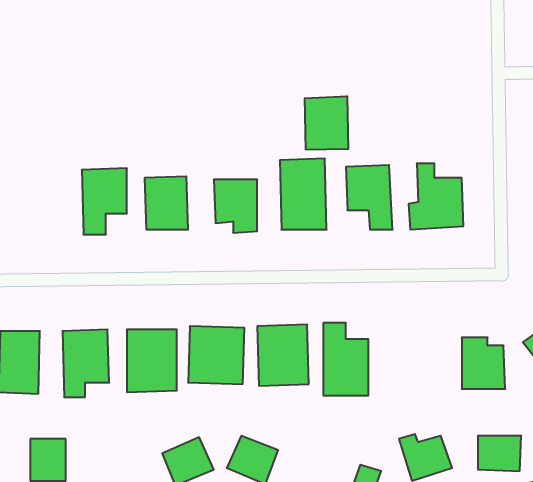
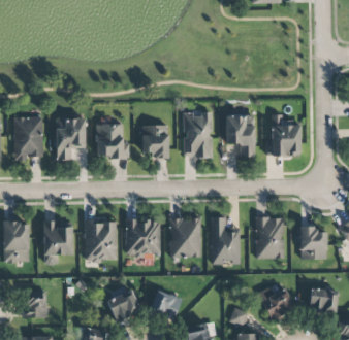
building: [305,96,348,150] -> none
building: none -> [12,116,43,159]
building: none -> [255,217,284,258]

